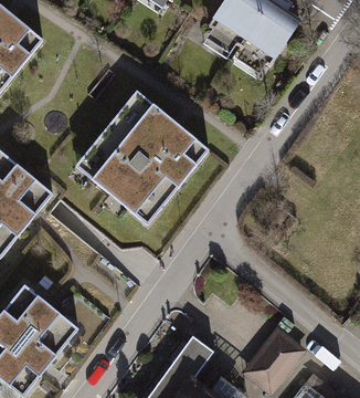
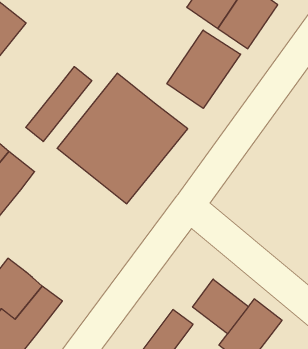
building: none -> [167,30,241,108]
building: none -> [26,67,92,142]
building: none -> [193,279,248,334]

